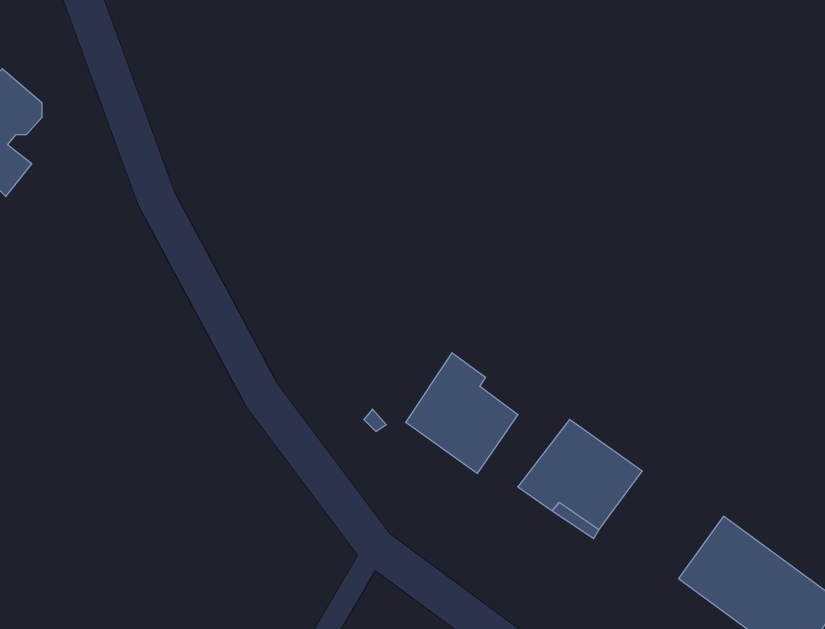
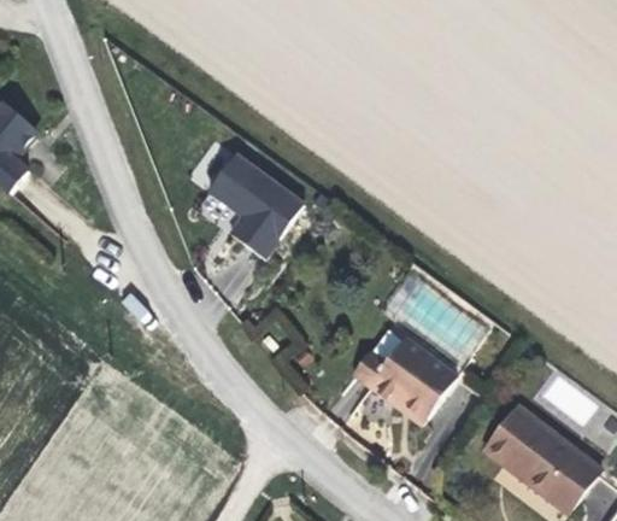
building: none -> [207,153,302,258]
building: [406,353,518,473] -> none

